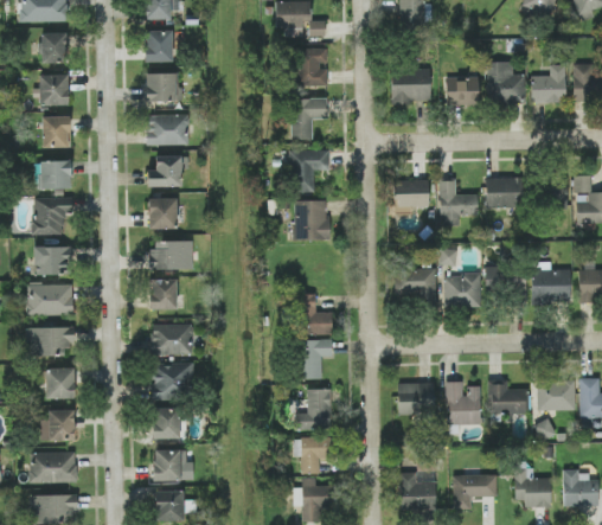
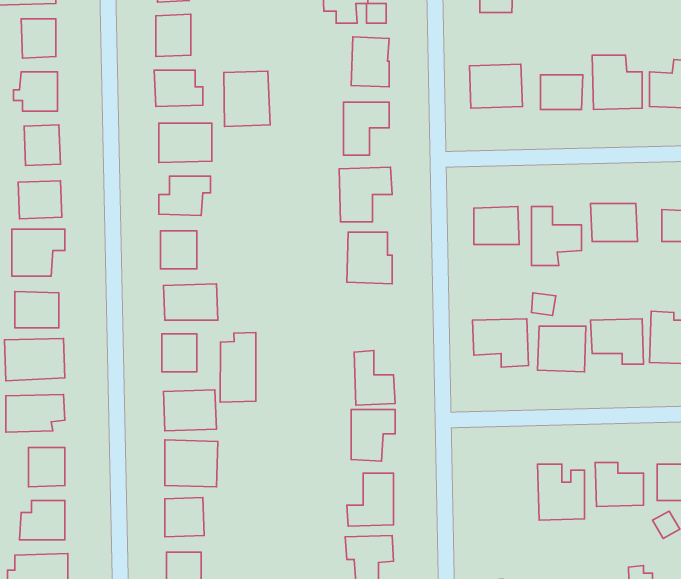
building: none -> [224,71,270,126]
building: none -> [220,332,256,402]
building: [397,383,434,415] -> none

